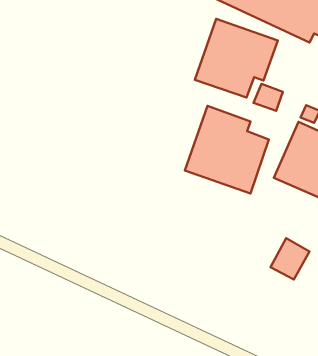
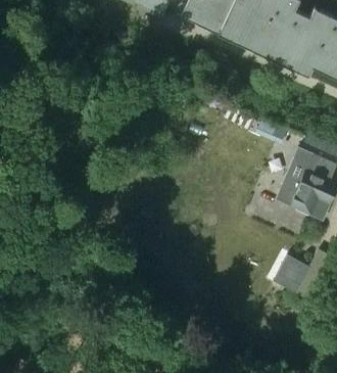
building: [195,19,278,97] -> none
building: [185,106,269,193] -> none

